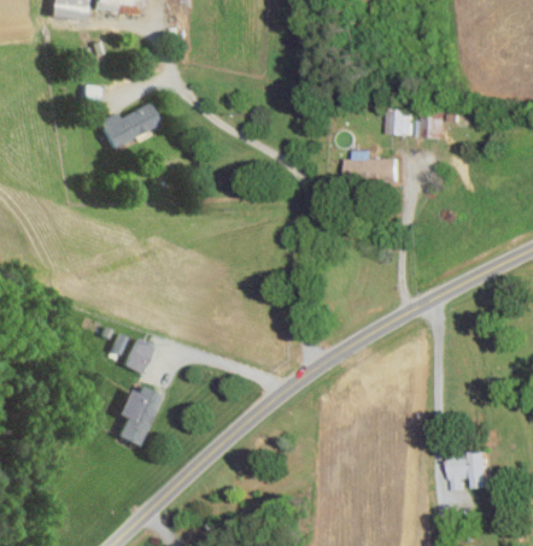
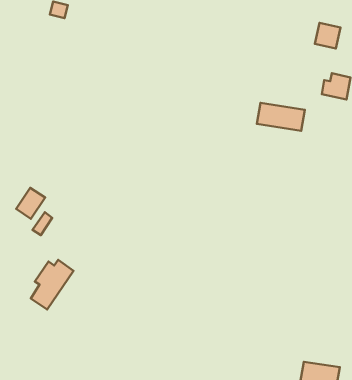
building: [99,102,162,148] -> none
building: [390,110,416,136] -> [315,23,340,48]
building: [123,337,154,374] -> [16,188,45,219]

